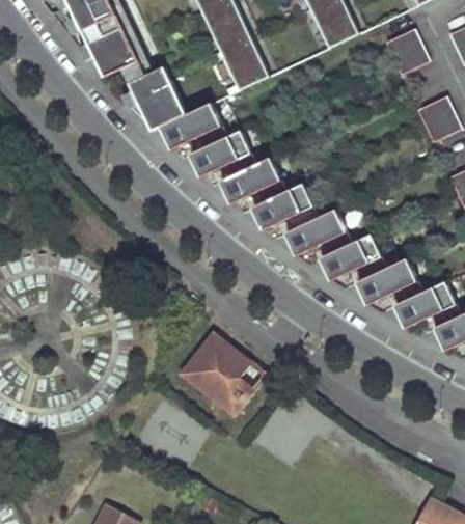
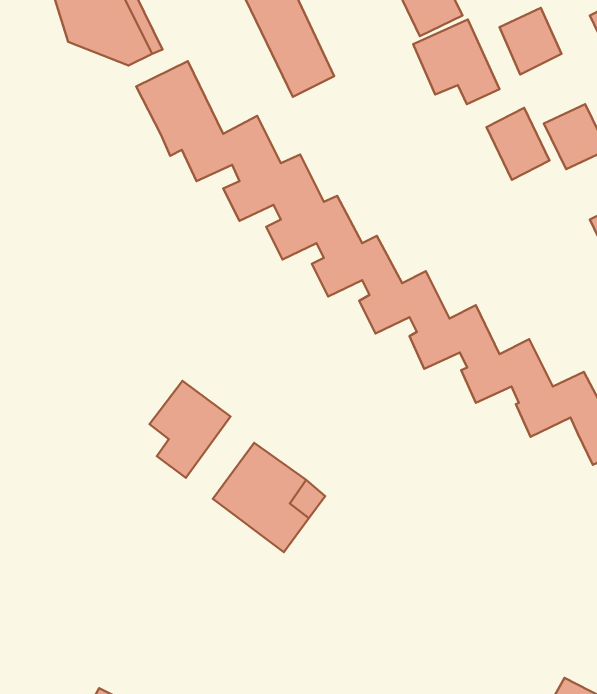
building: none -> [413,20,500,104]
building: none -> [486,108,550,180]
building: none -> [149,381,230,478]

